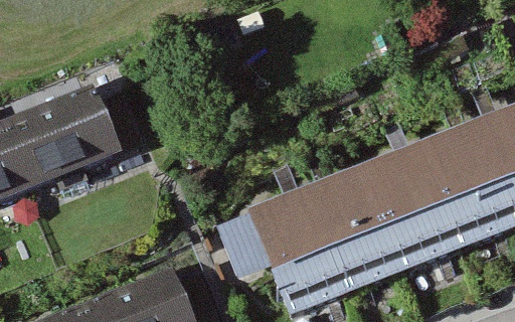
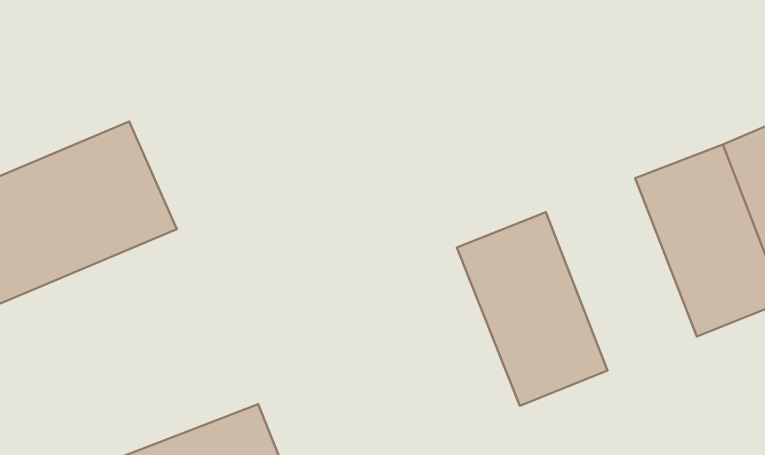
building: [363,126,462,252] -> none
building: [247,171,346,297] -> none

